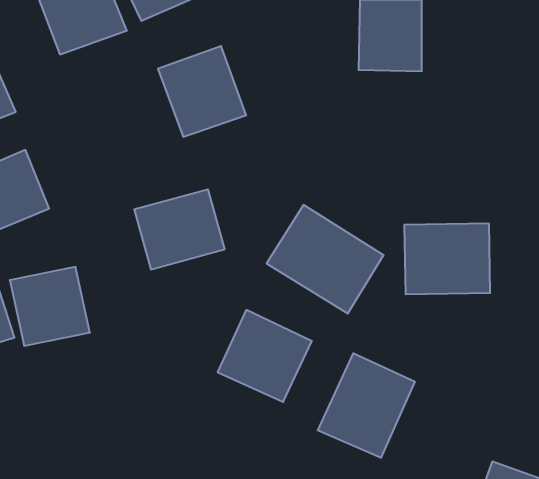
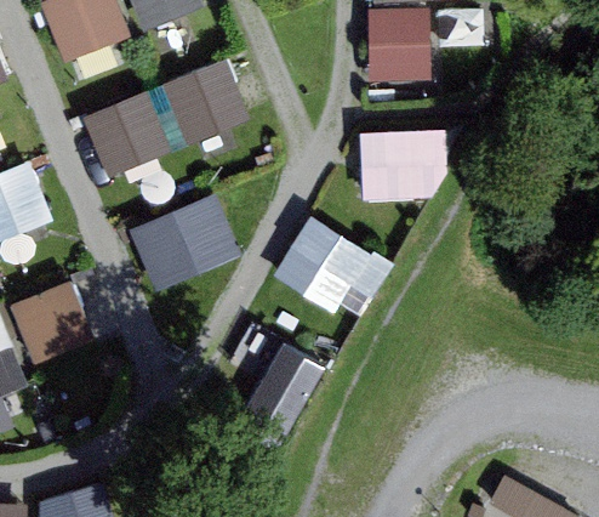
building: none -> [84,91,169,176]
building: [404,224,490,294] -> [360,131,447,203]
building: [318,353,415,458] -> none

